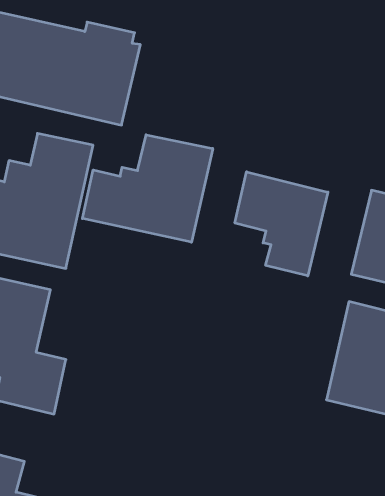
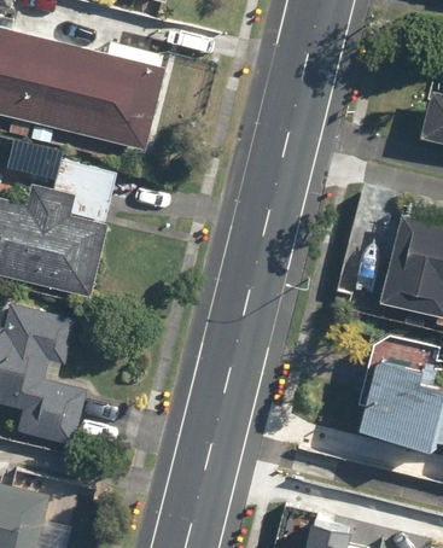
building: [82,135,213,242] -> none
building: [235,172,328,276] -> none

